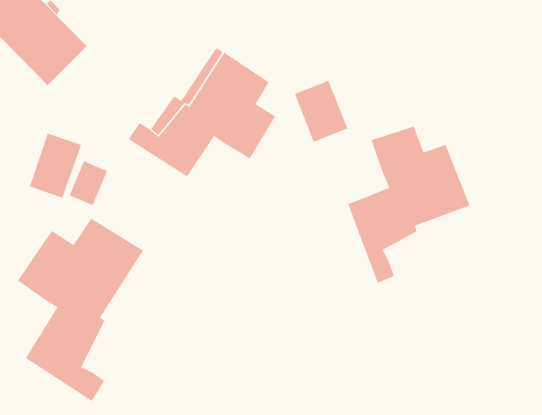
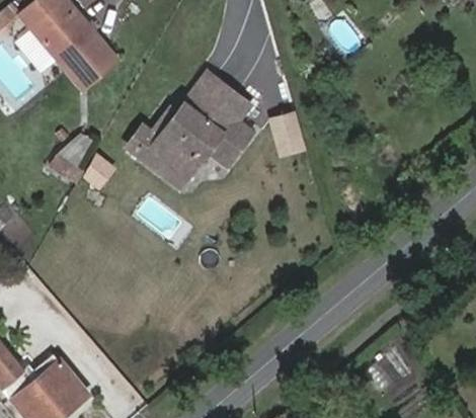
building: [347,126,470,283] -> none
building: none -> [133,138,213,184]
building: [17,218,144,402] -> none

